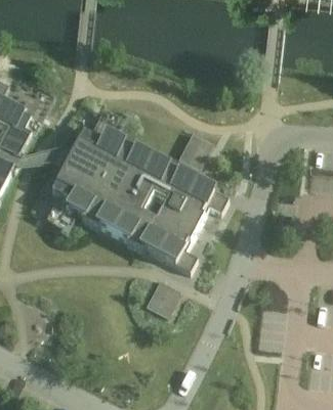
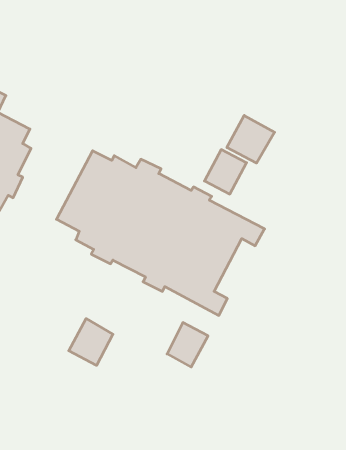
building: none -> [227,115,275,163]
building: none -> [69,319,113,365]

